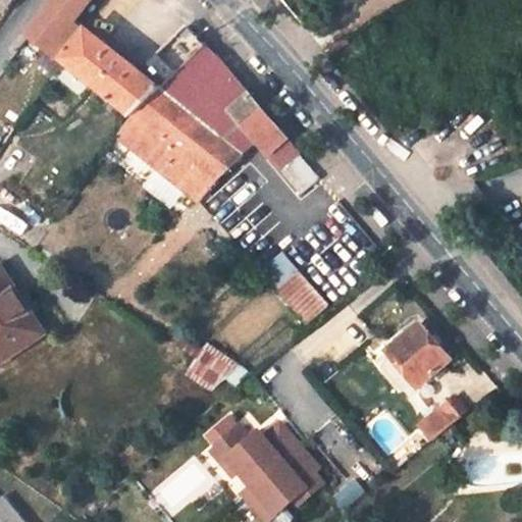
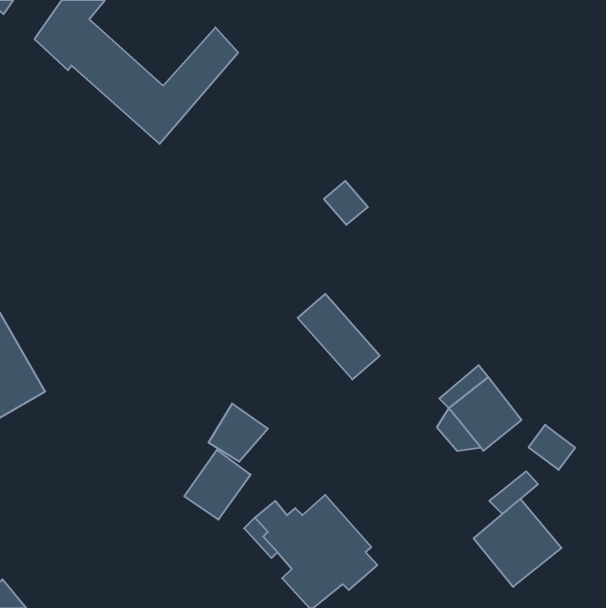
building: [122,45,282,203] -> none
building: none -> [184,450,251,520]
building: none -> [474,499,561,587]

